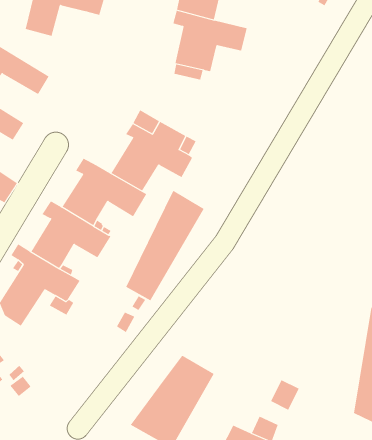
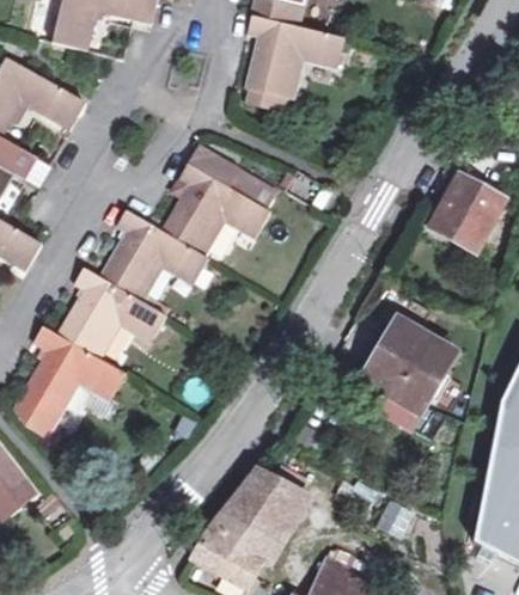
building: none -> [432,179,500,249]
building: [126,190,204,301] -> none
building: none -> [364,321,453,412]

